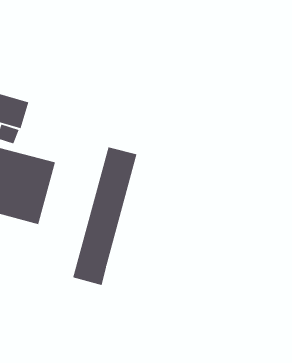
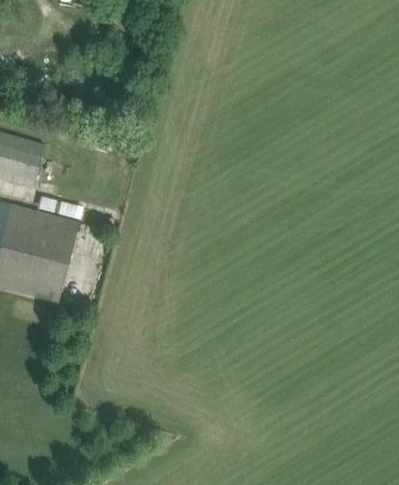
building: [72,146,137,286] -> none

